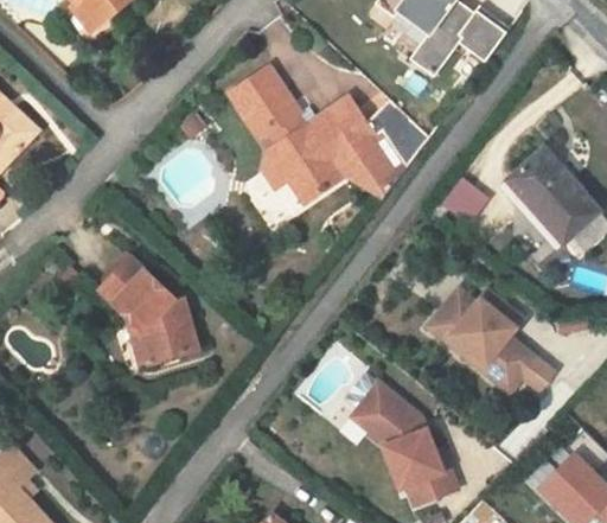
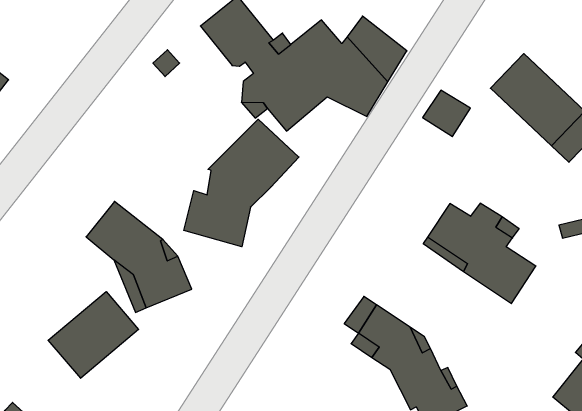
building: none -> [184,119,299,247]
building: none -> [48,292,139,378]

